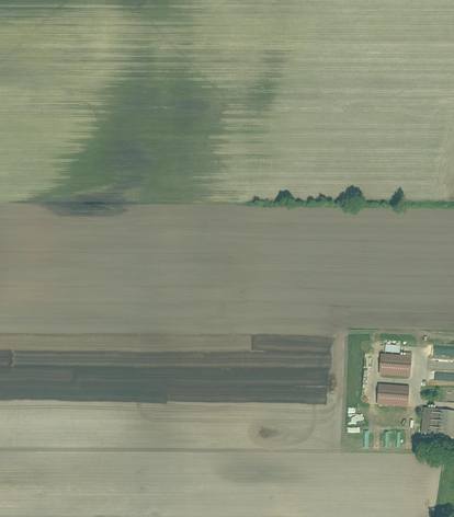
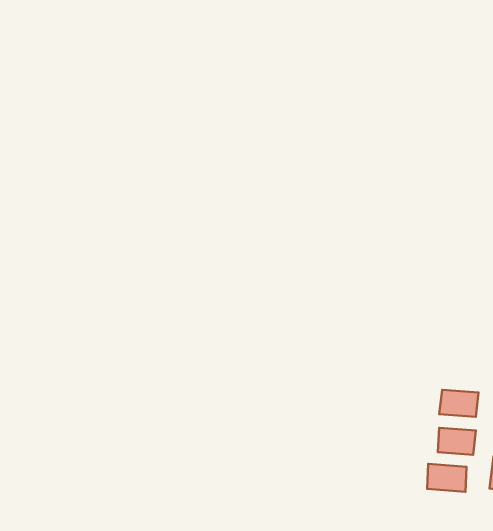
building: none -> [427,464,466,492]

